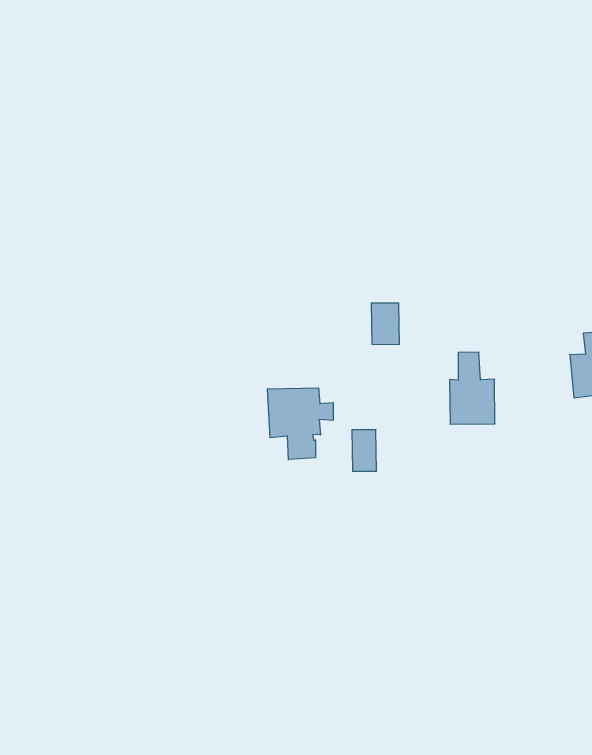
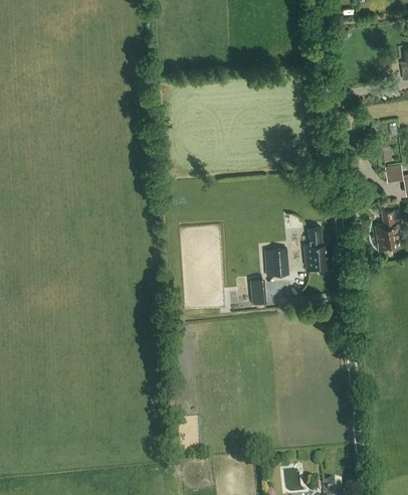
building: [371,303,399,344] -> [269,250,287,275]
building: [268,388,333,460] -> none

